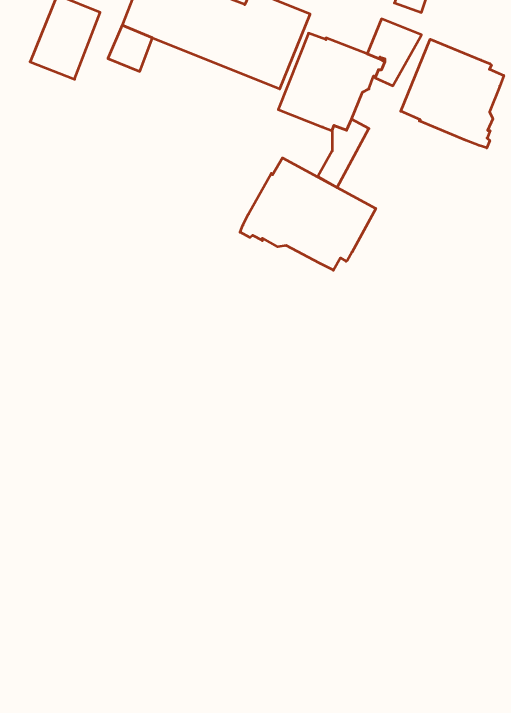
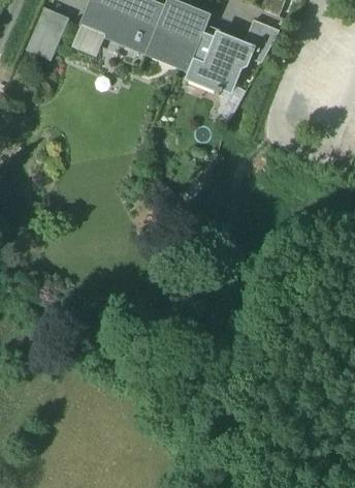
building: [401,39,504,148] -> none
building: [240,158,376,270] -> none

